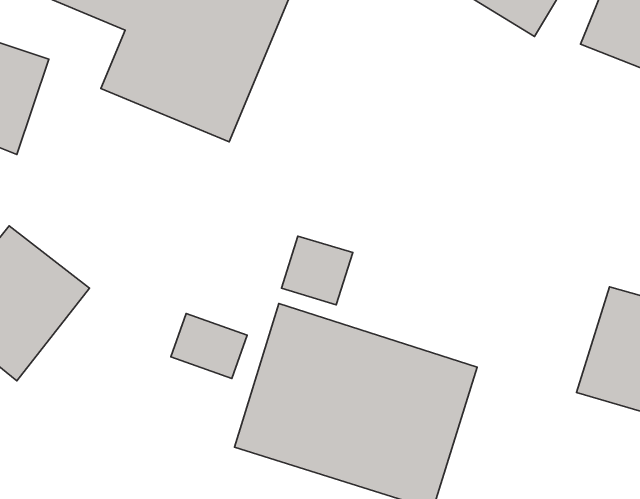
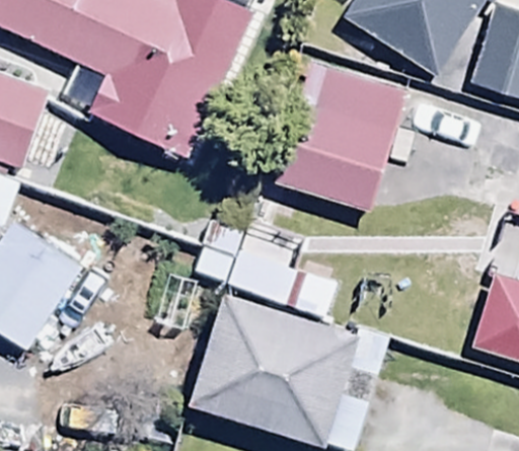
building: none -> [275,59,406,211]

